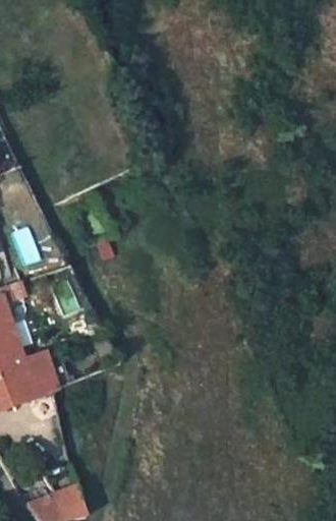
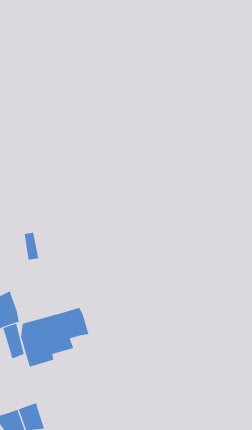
building: none -> [20,307,89,368]

